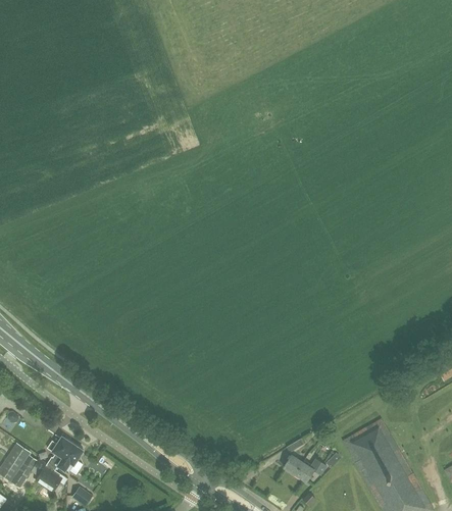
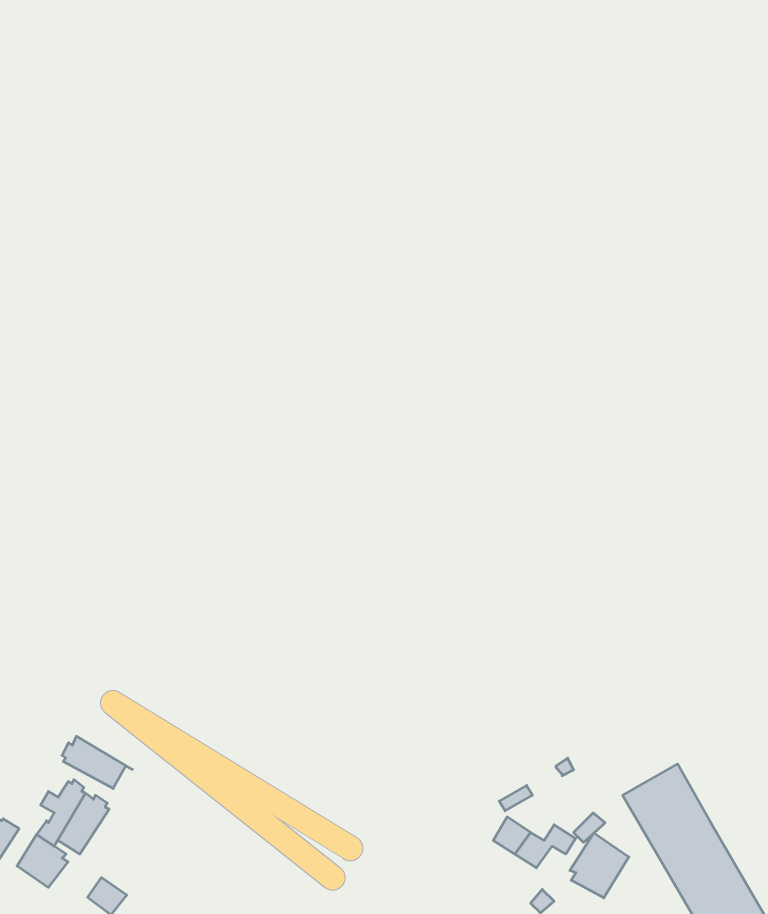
building: none -> [62,736,132,789]
building: none -> [570,833,629,898]

